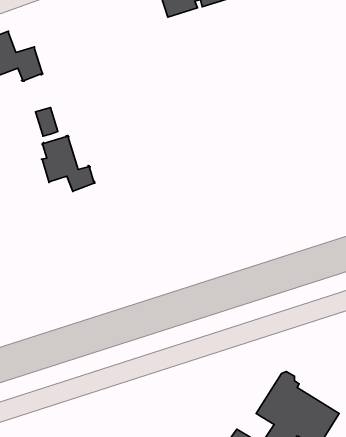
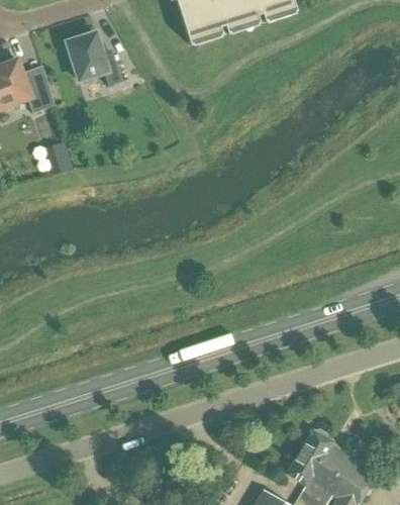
building: none -> [67,33,121,85]
building: [42,136,95,192] -> none

